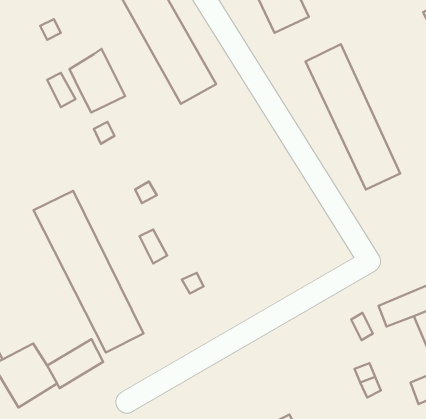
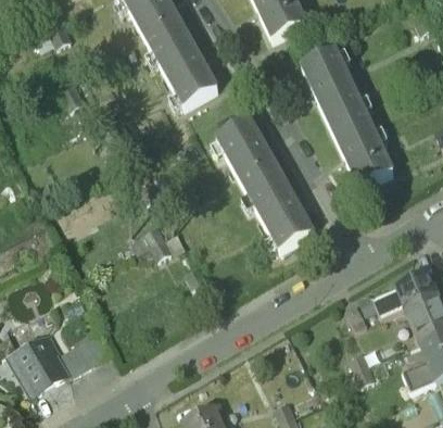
building: [69,49,125,112] -> none
building: none -> [217,118,314,250]
building: [34,191,144,352] -> none

